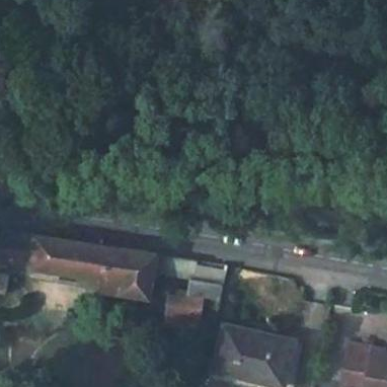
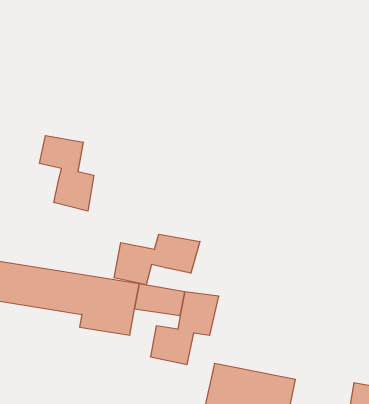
building: none -> [40,136,94,211]
building: none -> [114,234,200,285]

